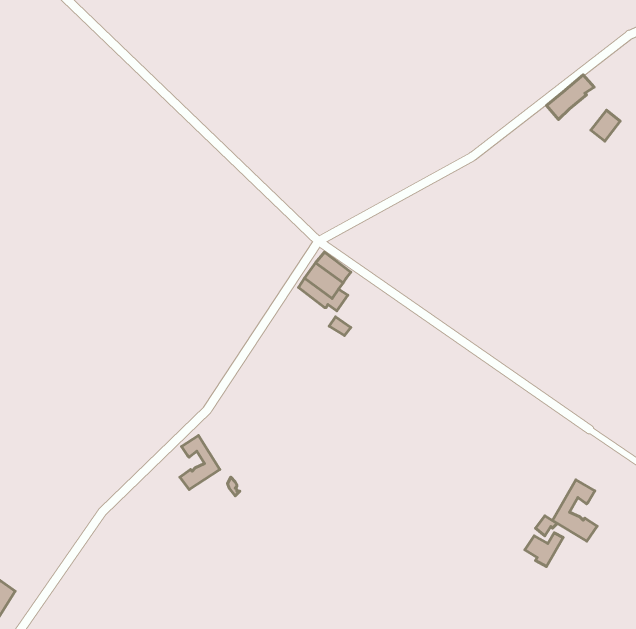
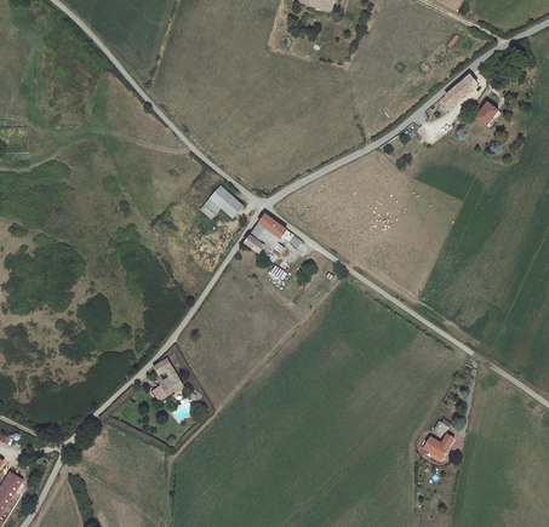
building: none -> [199,185,242,219]
building: [553,480,597,541] -> none

